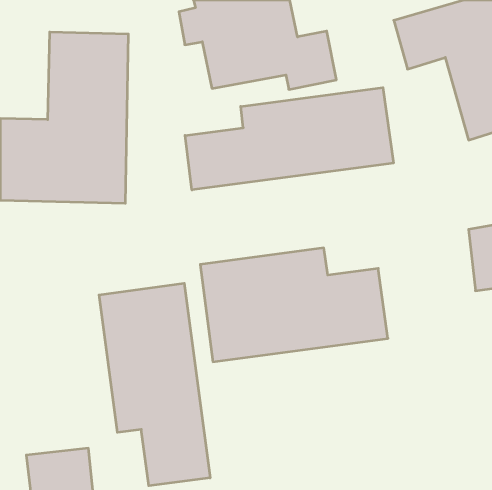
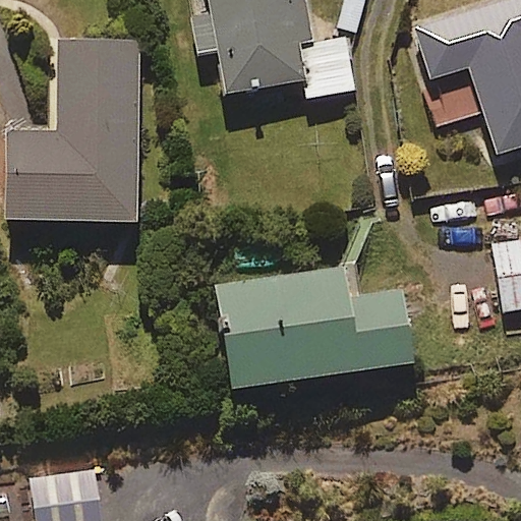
building: [185,88,393,190] -> none
building: [99,283,210,486] -> none

